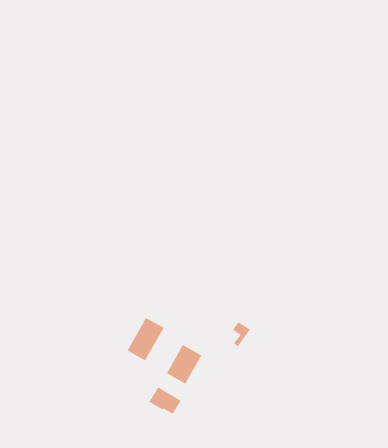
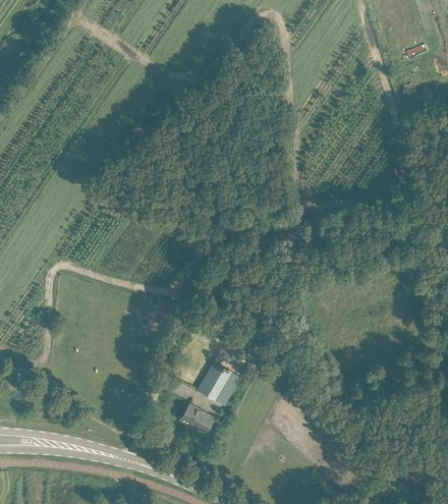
building: [127,317,164,361] -> none

